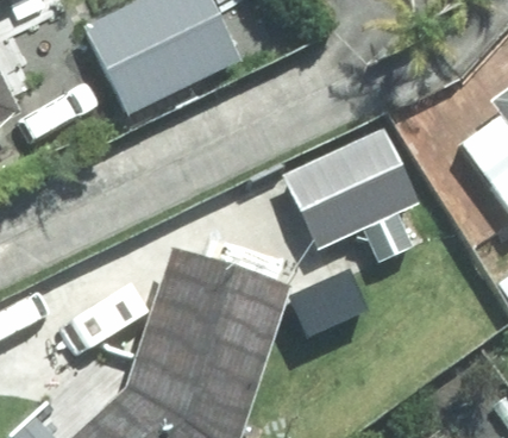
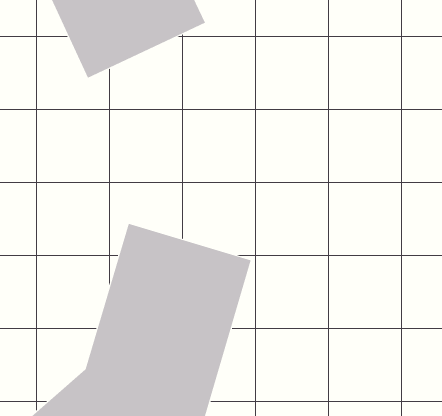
building: [288,131,433,281] -> none

